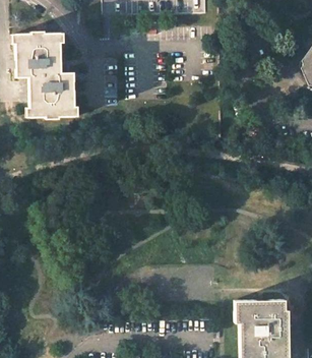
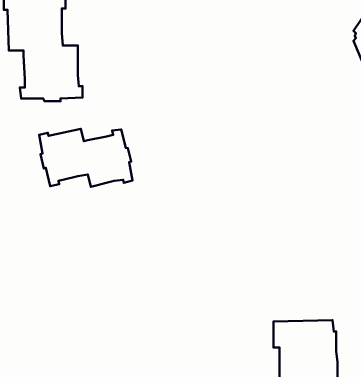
building: none -> [39,129,133,187]

